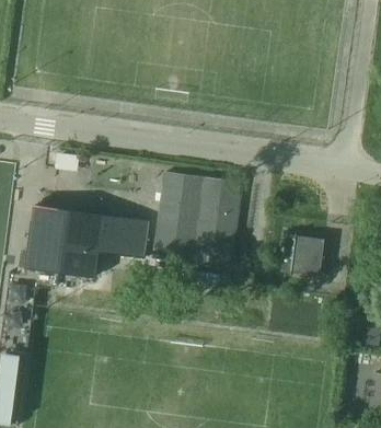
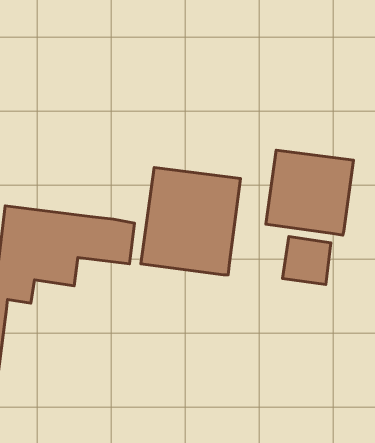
building: none -> [266,150,354,235]

